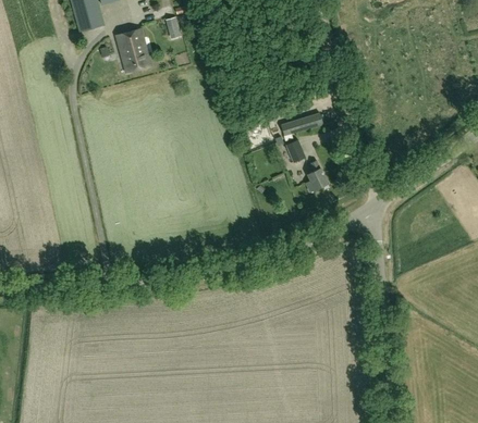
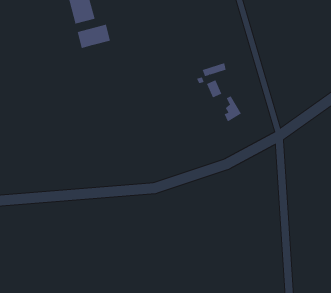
building: none -> [77,24,111,49]

